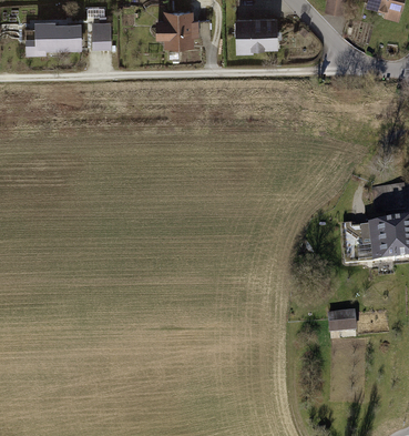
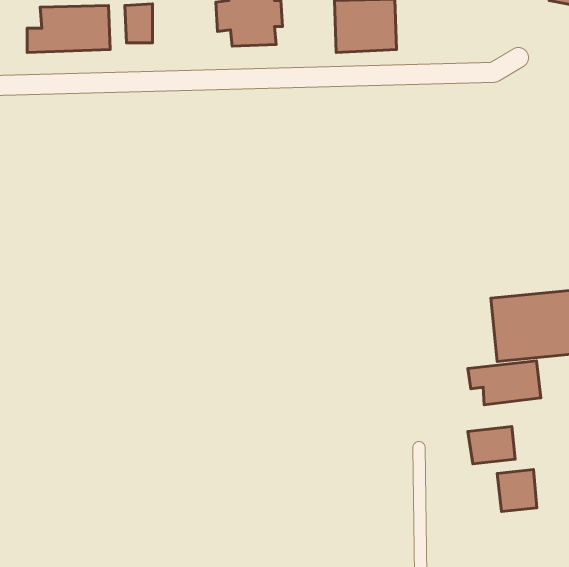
building: none -> [468,361,541,405]
building: none -> [497,470,537,511]

